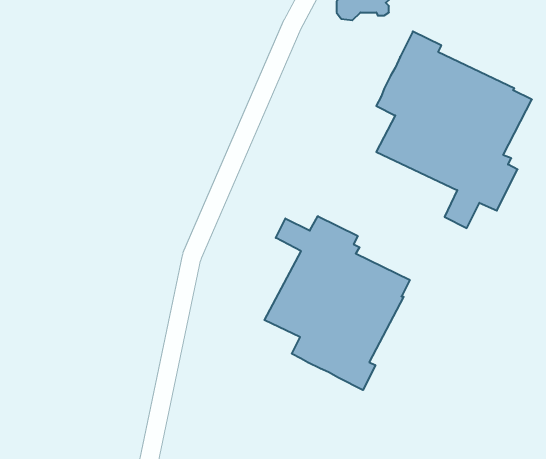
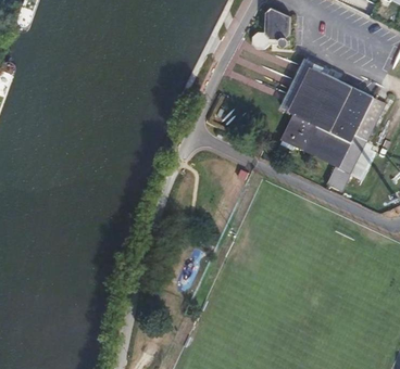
building: [264,216,410,390] -> none

